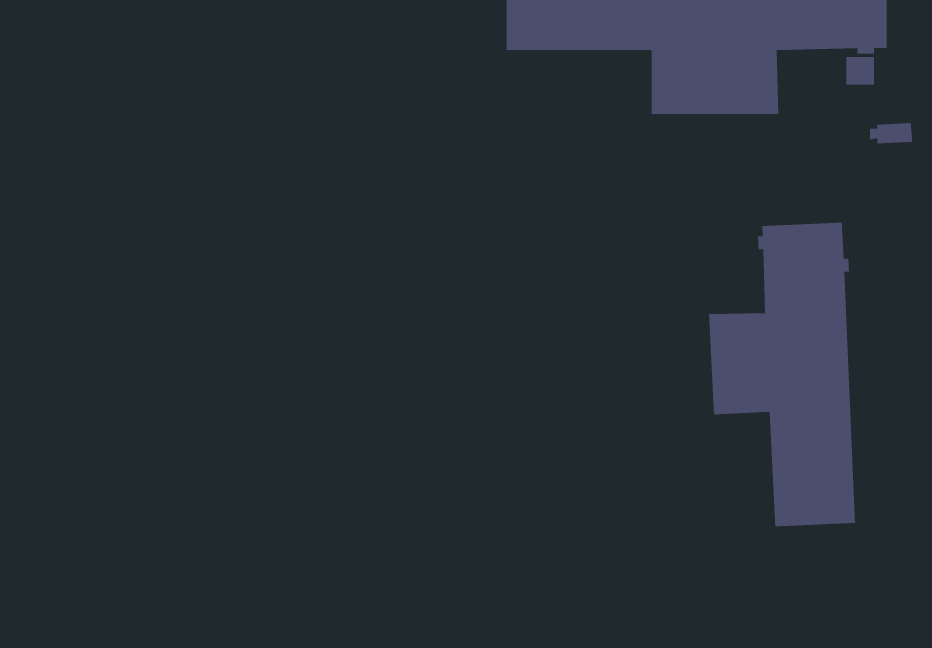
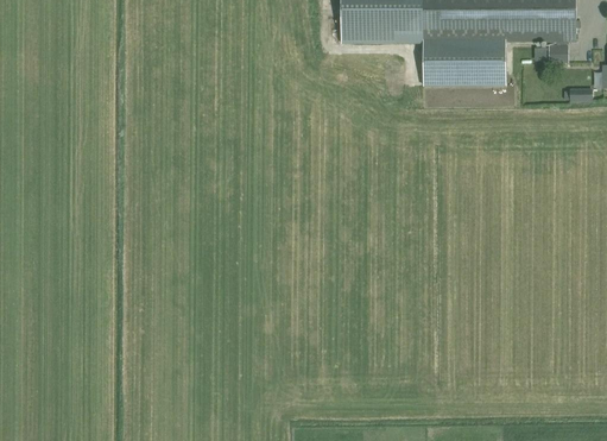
building: [708,222,856,527] -> none

